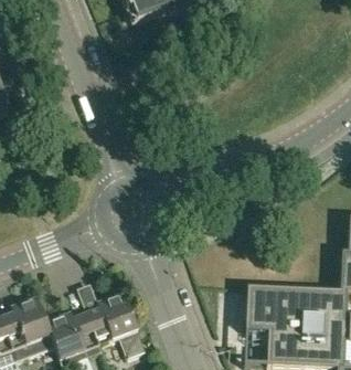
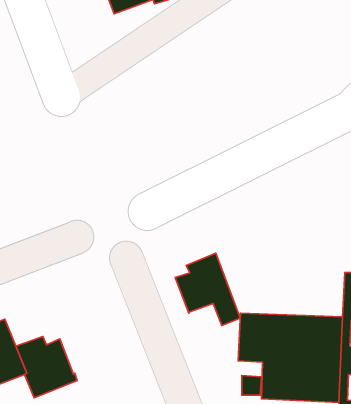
building: [85,288,143,353] -> [175,253,240,325]

